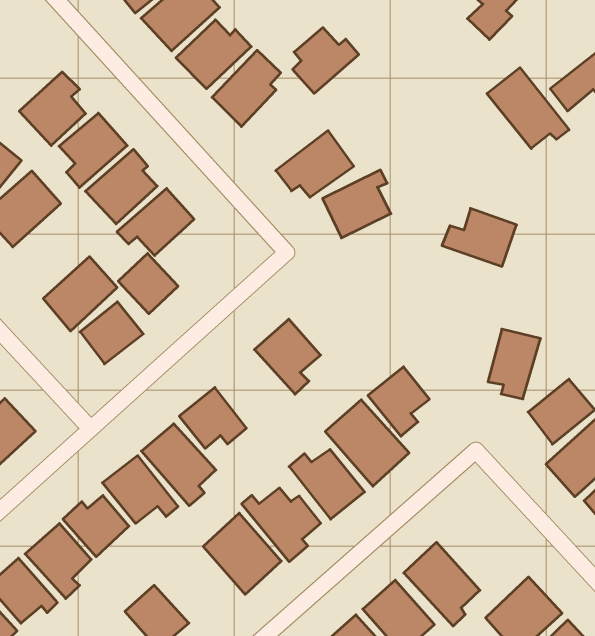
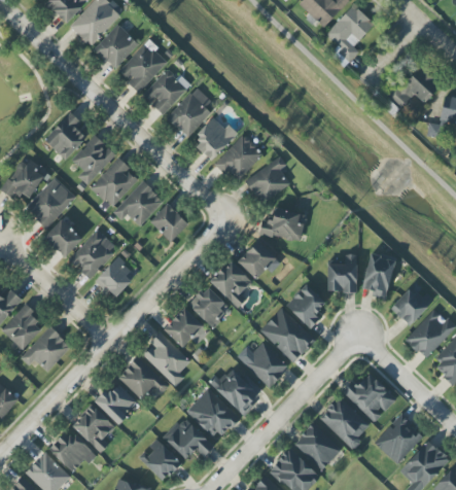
building: [293,28,359,93] -> [196,117,238,161]
building: [487,68,569,149] -> none
building: [442,208,517,266] -> [258,207,306,243]
building: none -> [43,218,82,257]
building: [118,253,178,314] -> [149,203,188,242]
building: none -> [237,241,280,279]
building: none -> [327,254,357,292]
building: none -> [189,287,226,328]
building: none -> [342,374,396,422]
building: none -> [164,416,214,459]

